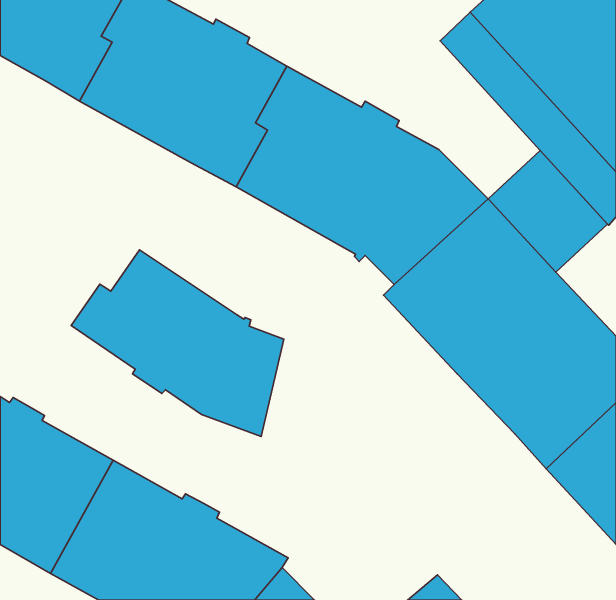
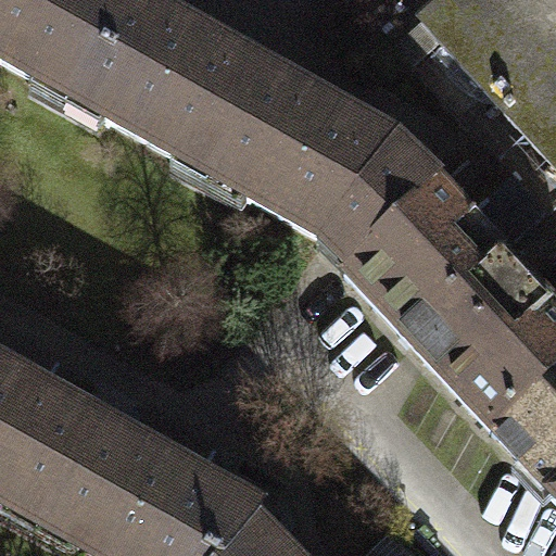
building: [71,250,284,437] -> none

